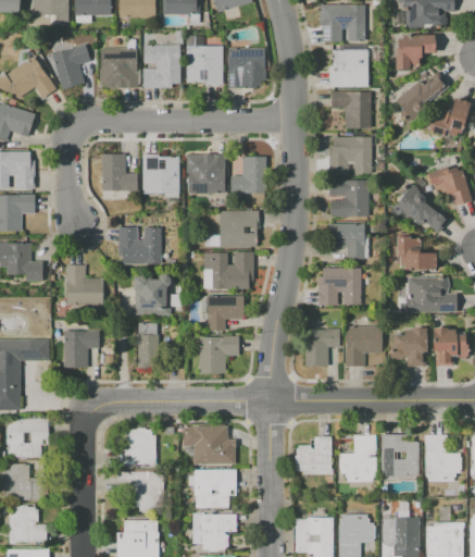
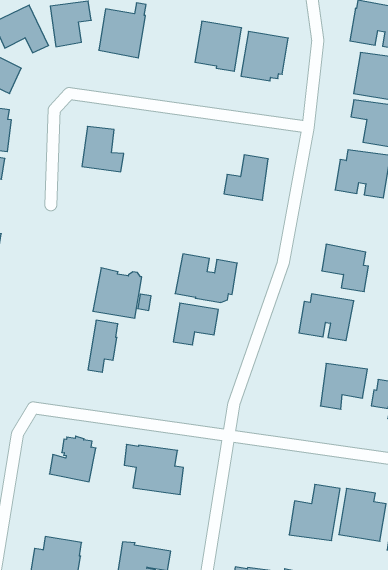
building: [145,45,180,88] -> none
building: [142,154,180,194] -> none
building: [187,154,226,194] -> none
building: [329,180,368,218] -> none
building: [221,211,259,247] -> none
building: [118,227,161,265] -> none
building: [65,265,104,306] -> none
building: [304,330,340,366] -> none
building: [64,331,99,368] -> none
building: [199,336,240,374] -> none
building: [296,437,334,474] -> none
building: [188,469,237,508] -> none
building: [117,471,163,511] -> none

